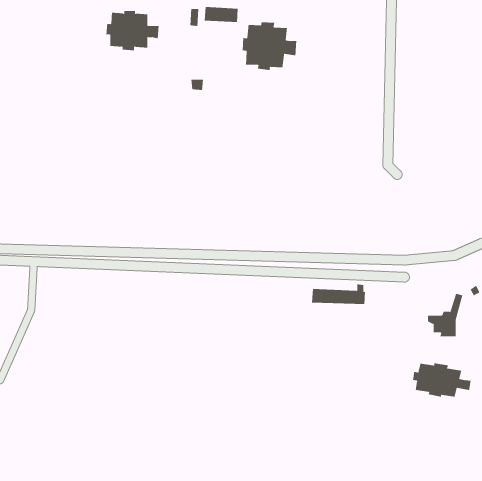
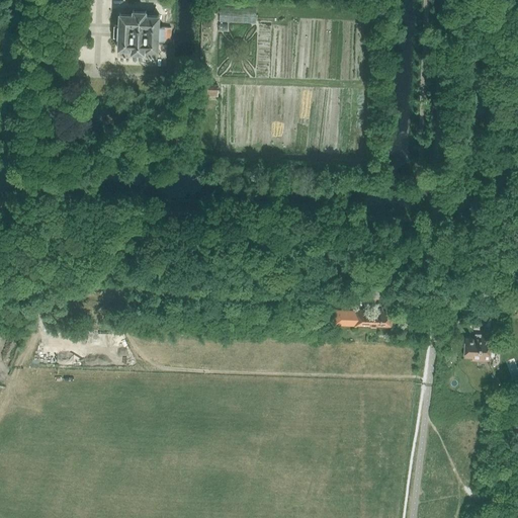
building: [242,21,297,71] -> none
building: [413,363,471,398] -> none

